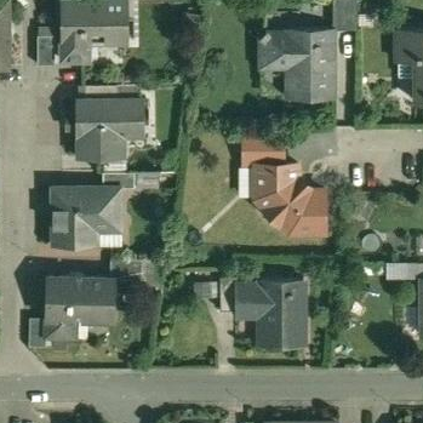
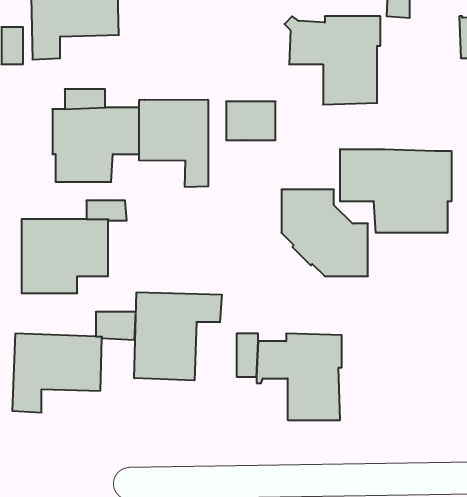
building: none -> [139,100,208,187]
building: none -> [340,149,451,233]
building: [244,135,282,165] -> [226,101,276,140]
building: none -> [134,292,222,380]

